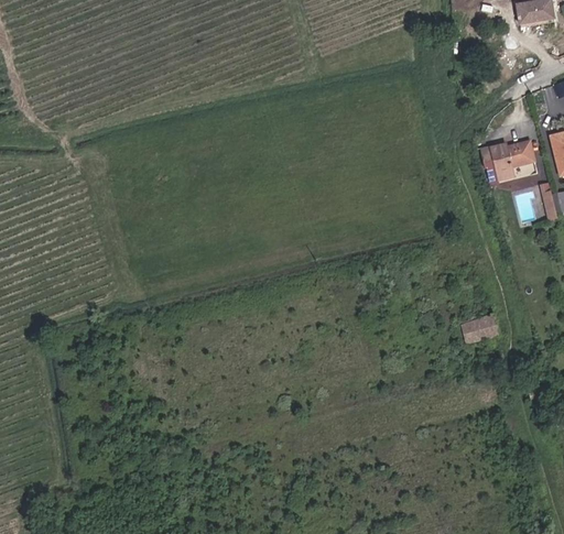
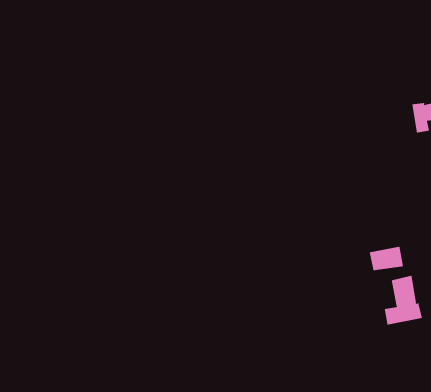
building: none -> [384,275,423,326]

